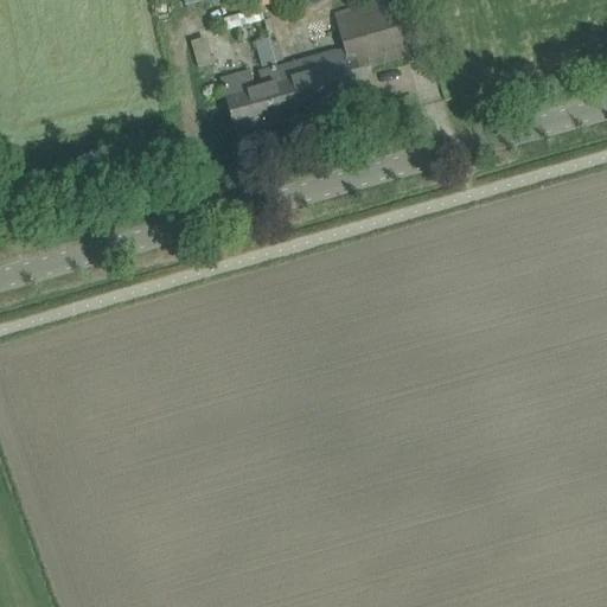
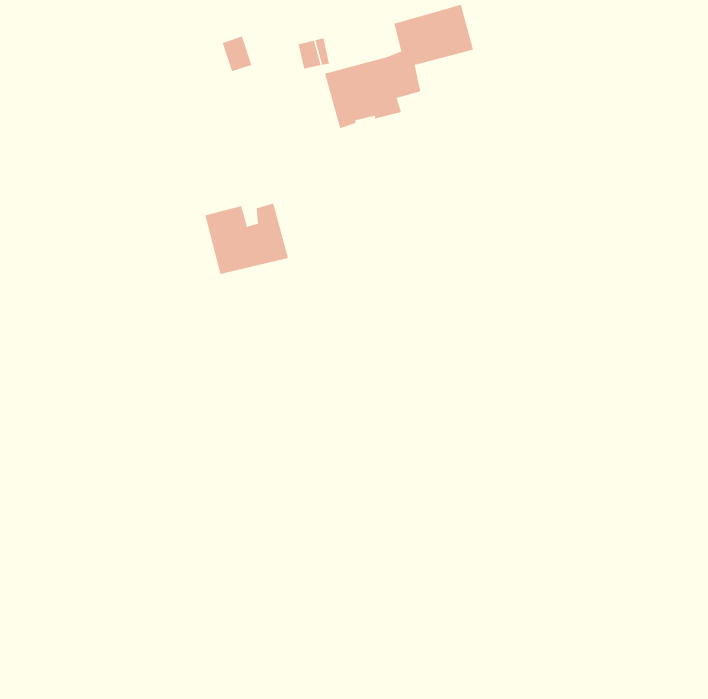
building: [218,63,290,124] -> [204,203,289,275]

